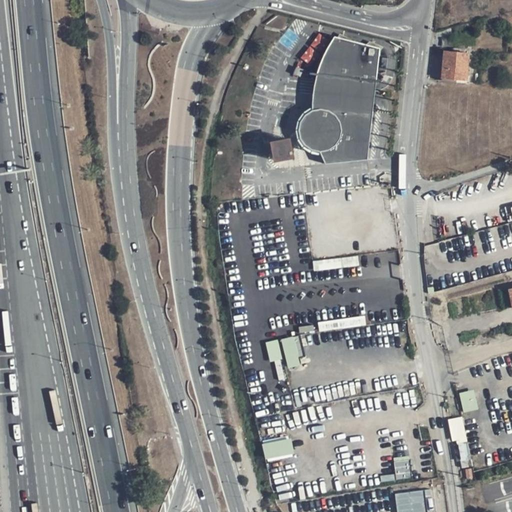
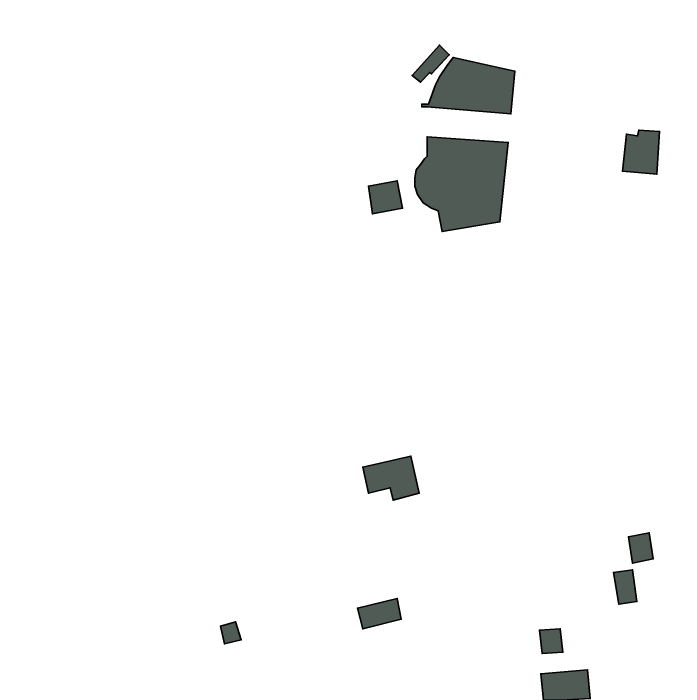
building: [440,48,467,80] -> [622,130,659,174]
building: [312,78,373,104] -> none

